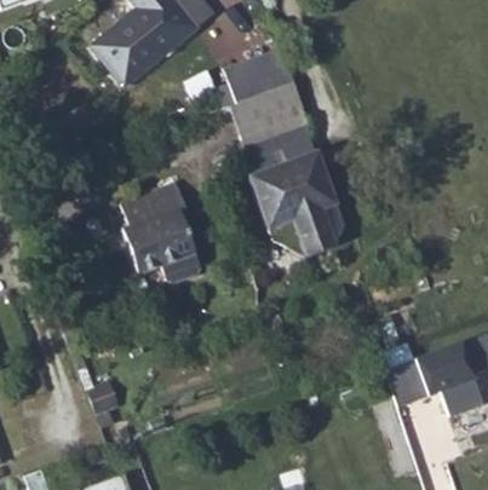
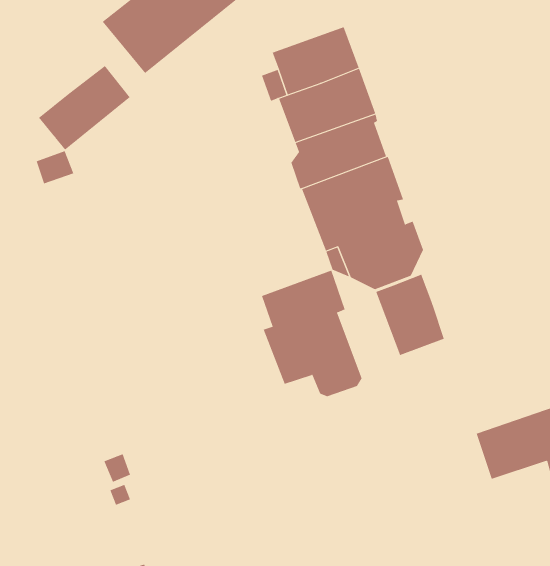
building: none -> [38,65,130,150]
building: [120,181,200,282] -> [261,270,362,397]
building: none -> [375,274,445,356]

